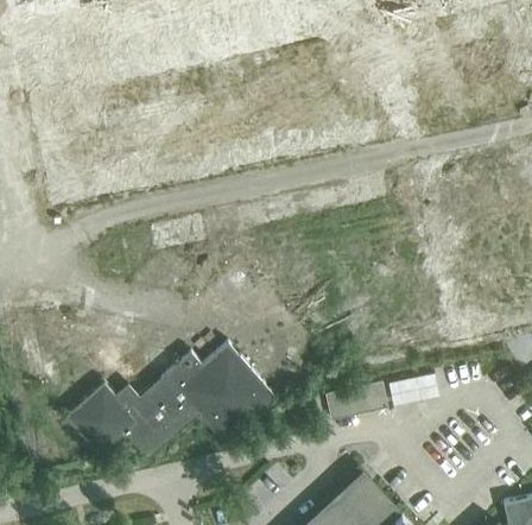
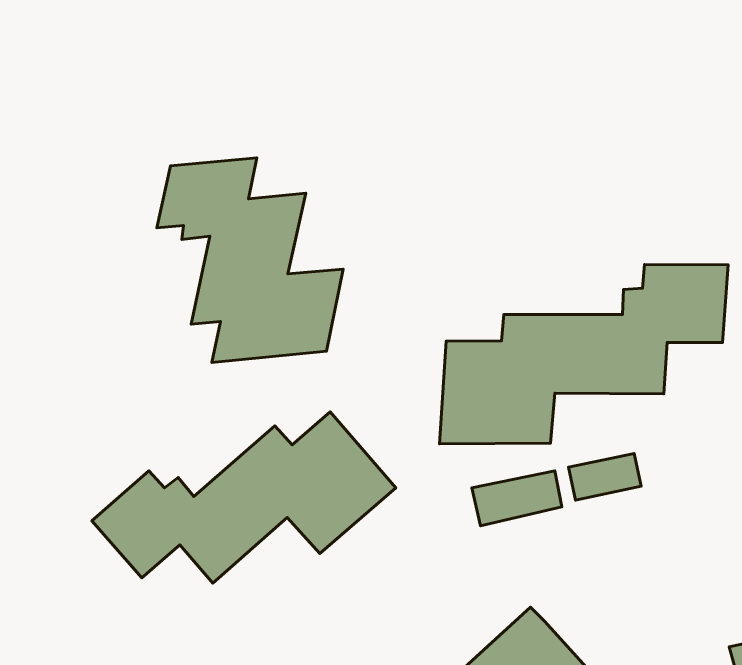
building: none -> [157,158,343,363]
building: none -> [440,264,728,444]

